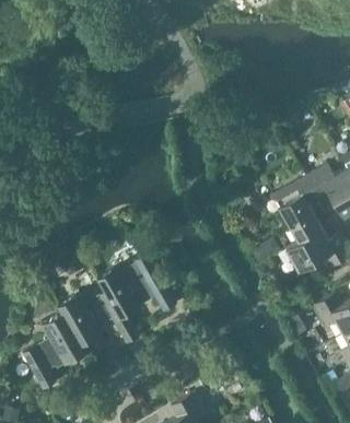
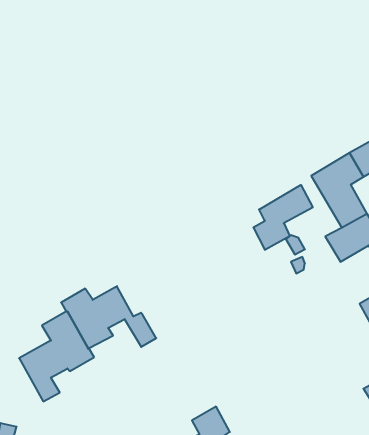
building: none -> [253,185,313,250]
building: [97,263,177,317] -> none

